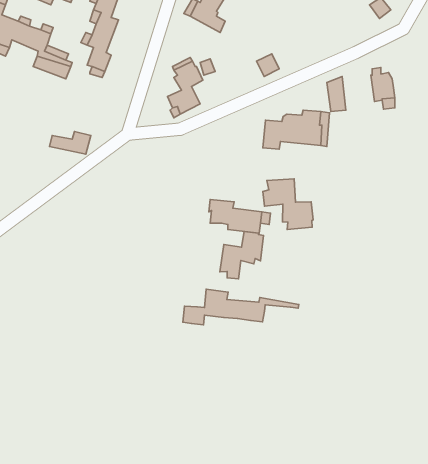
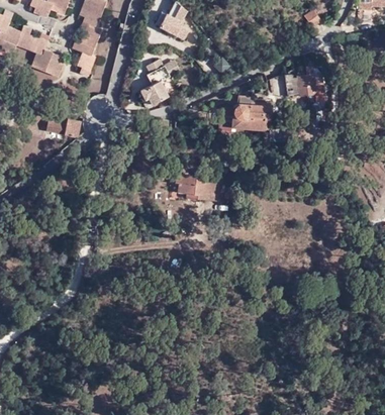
building: none -> [285,71,308,98]
building: [263,179,313,229] -> none
building: [220,232,263,279] -> none
building: [183,289,299,325] -> none

